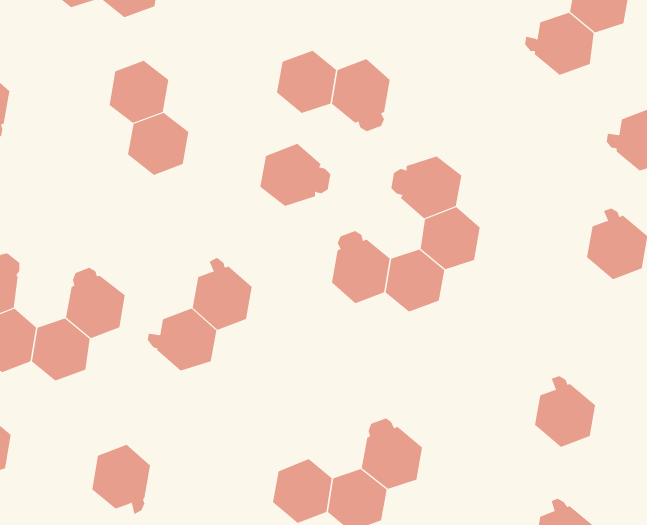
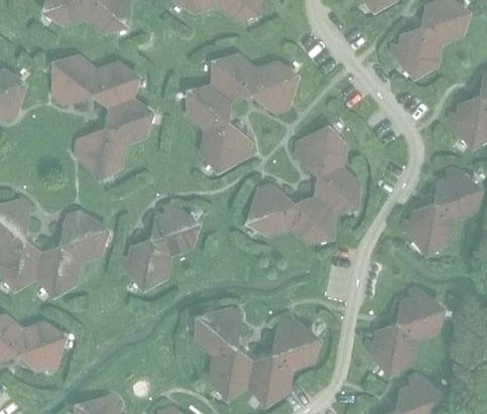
building: none -> [51,56,96,105]
building: none -> [187,86,230,131]
building: none -> [74,130,124,175]
building: none -> [401,203,453,250]
building: none -> [196,308,240,357]
building: none -> [364,323,415,370]
building: [92,444,151,515] -> [18,322,60,373]

